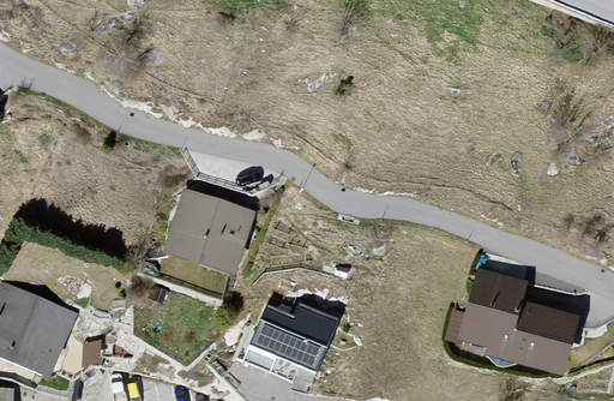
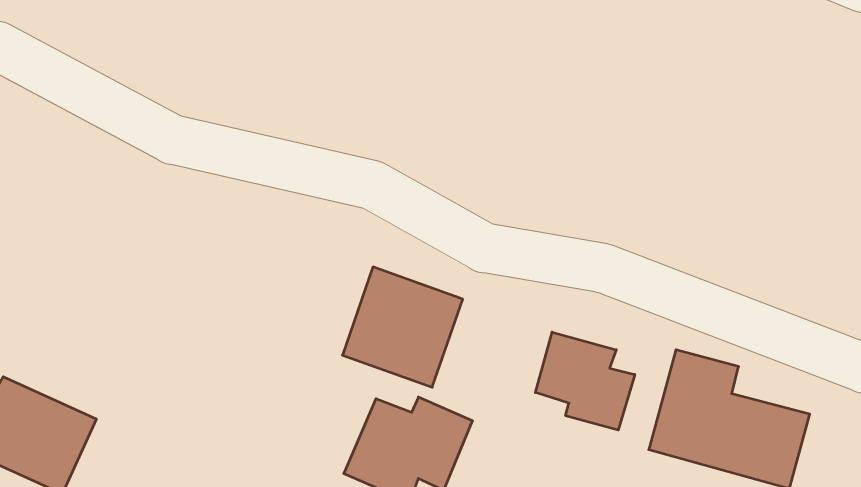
building: [165,193,251,279] -> [342,267,463,387]
building: none -> [535,332,635,430]

